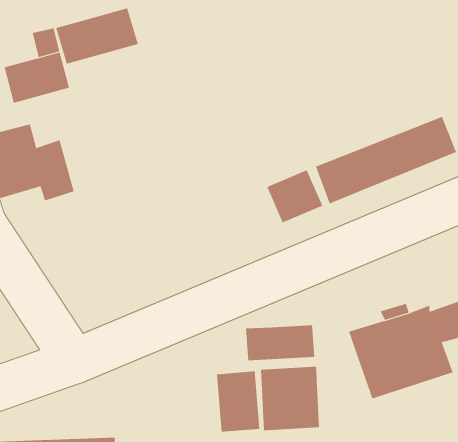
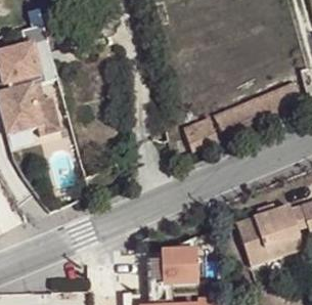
building: [55,7,138,64] -> none
building: [245,324,315,361] -> none

